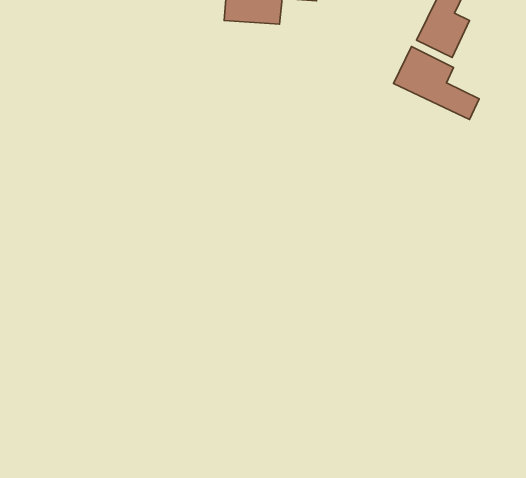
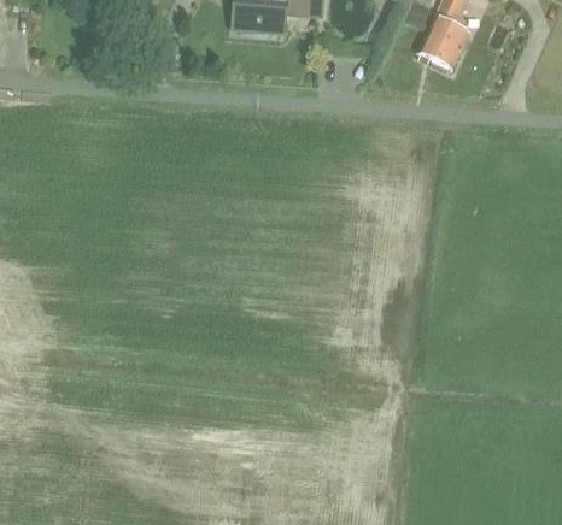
building: [393,46,479,120] -> none

